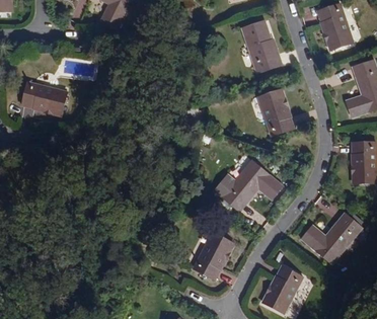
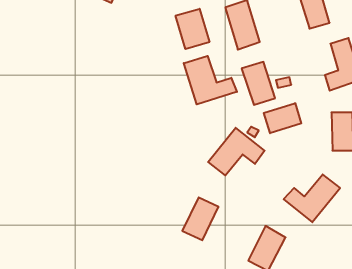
building: none -> [176,9,209,49]
building: none -> [184,56,237,104]
building: [22,80,67,112] -> none
building: none -> [264,103,301,133]

